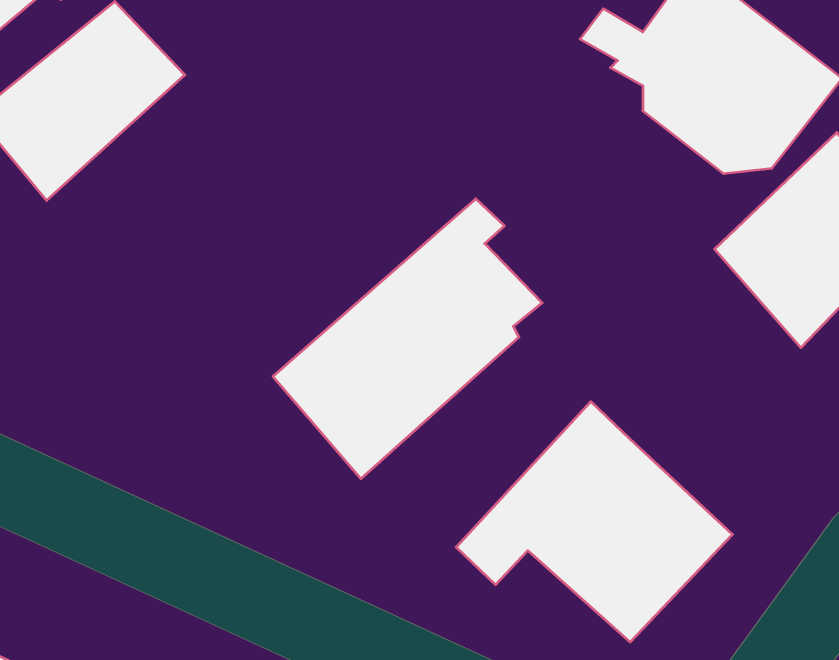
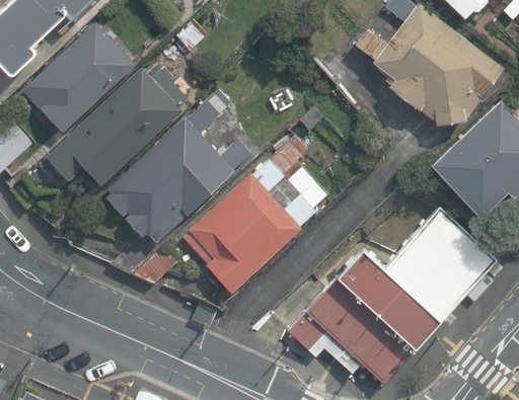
building: none -> [41,66,189,187]
building: none -> [102,91,253,247]
building: none -> [384,212,497,325]

